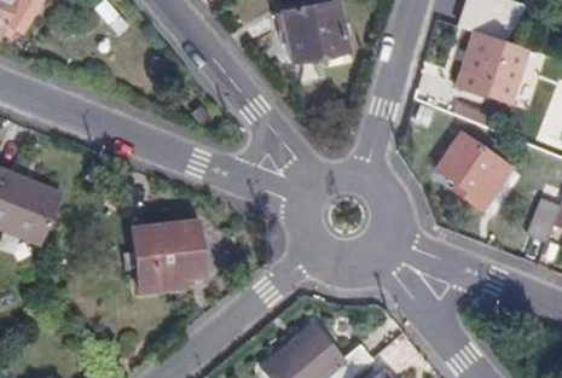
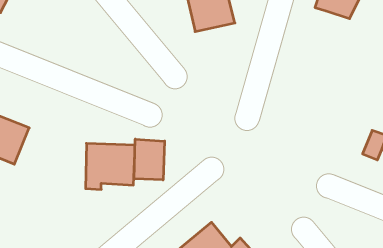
building: [458,31,531,105] -> none
building: [434,136,509,214] -> none
building: none -> [134,139,165,180]

